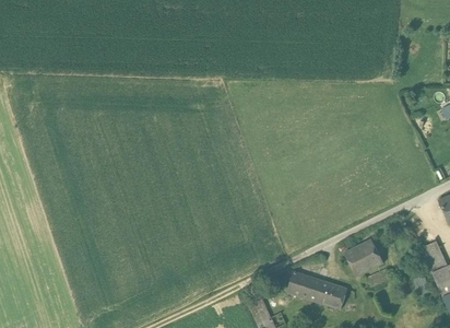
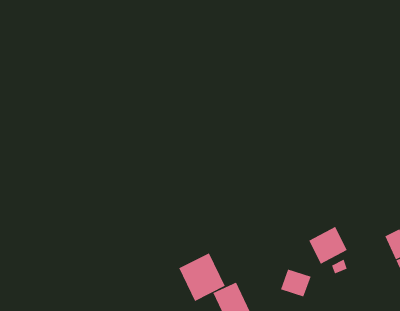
building: none -> [179,253,226,302]
building: [286,271,323,302] -> none

